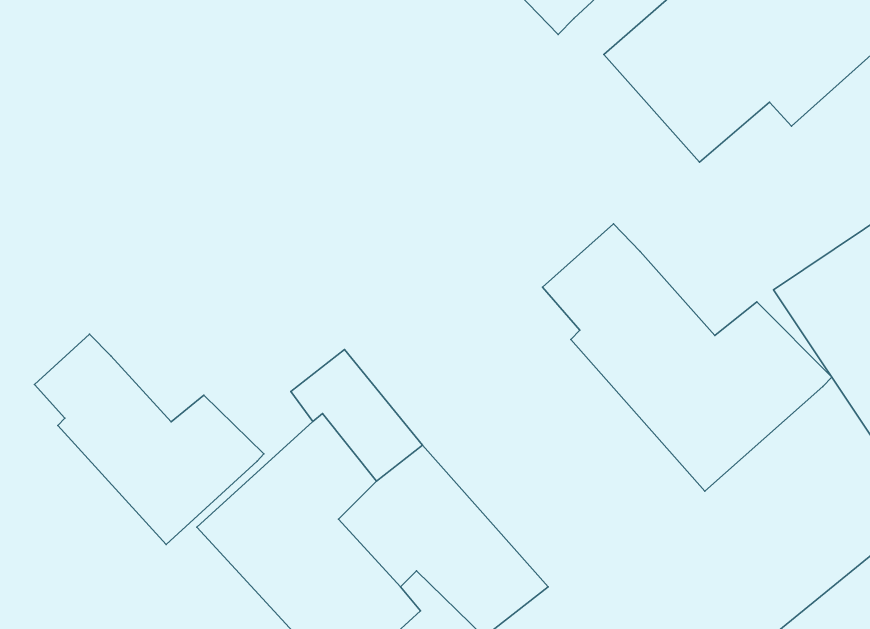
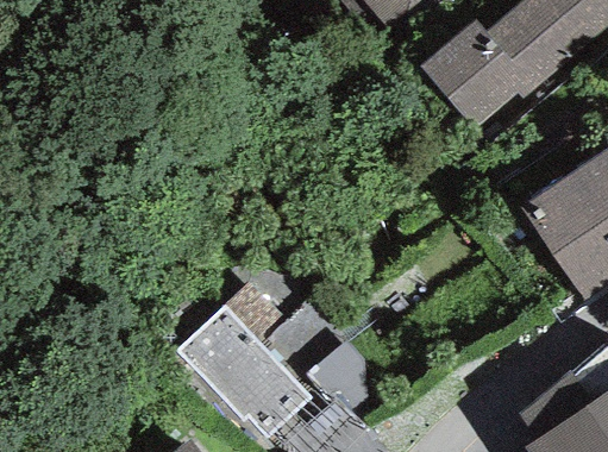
building: [542,224,832,491] -> none
building: [35,334,264,544] -> none

